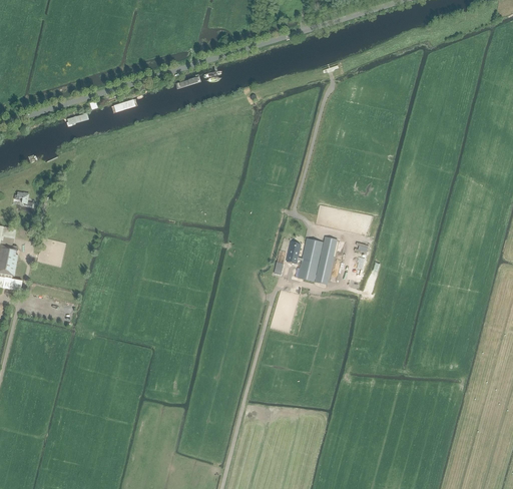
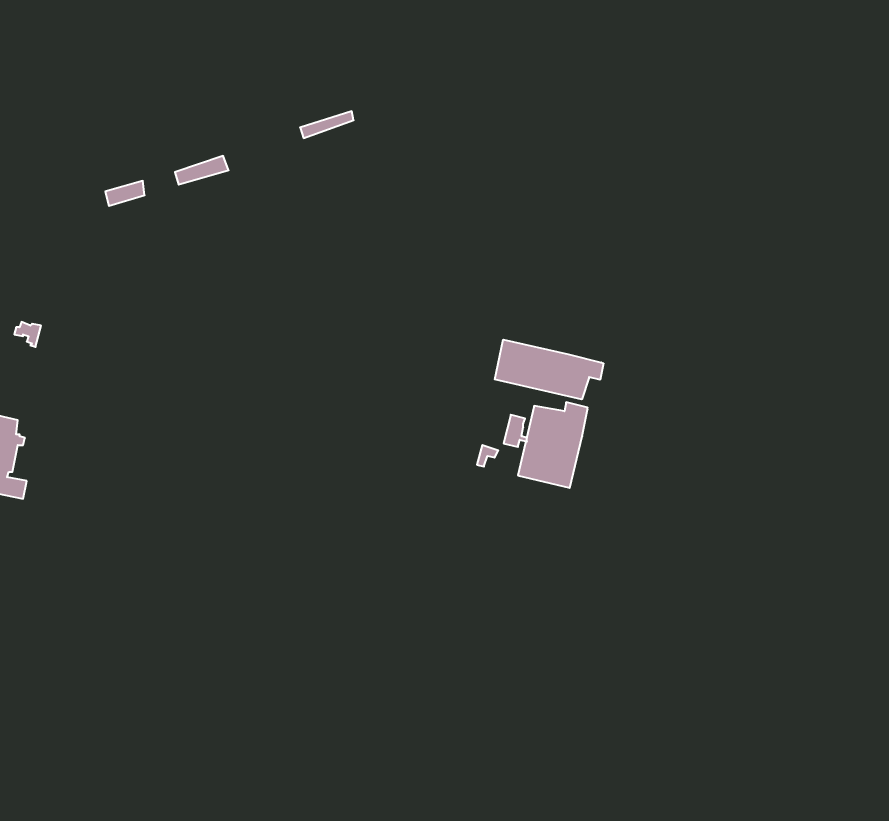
building: none -> [495,340,603,399]

